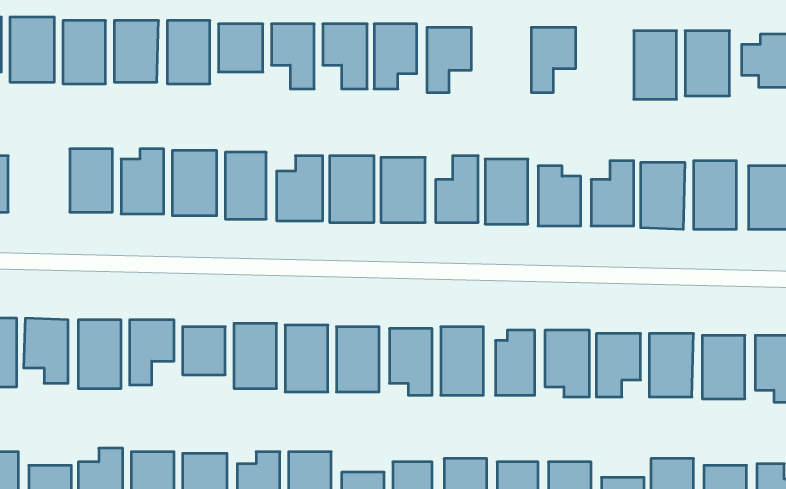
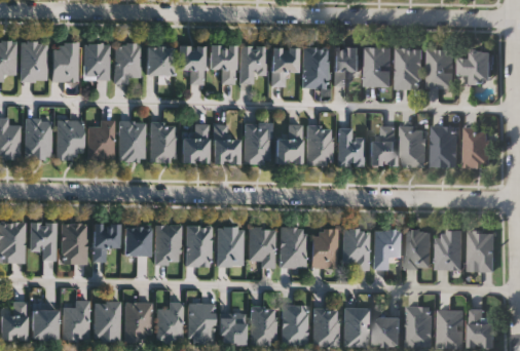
building: none -> [302,47,328,88]
building: none -> [365,47,391,87]
building: none -> [25,118,50,158]

